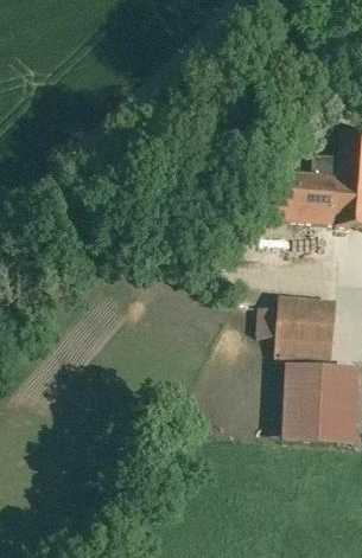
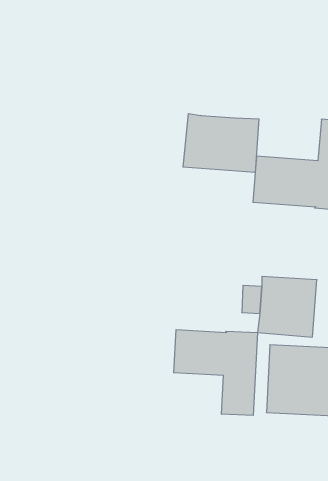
building: none -> [183,114,259,173]
building: none -> [174,330,257,415]

